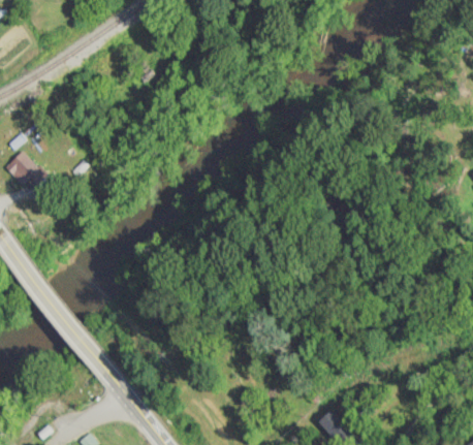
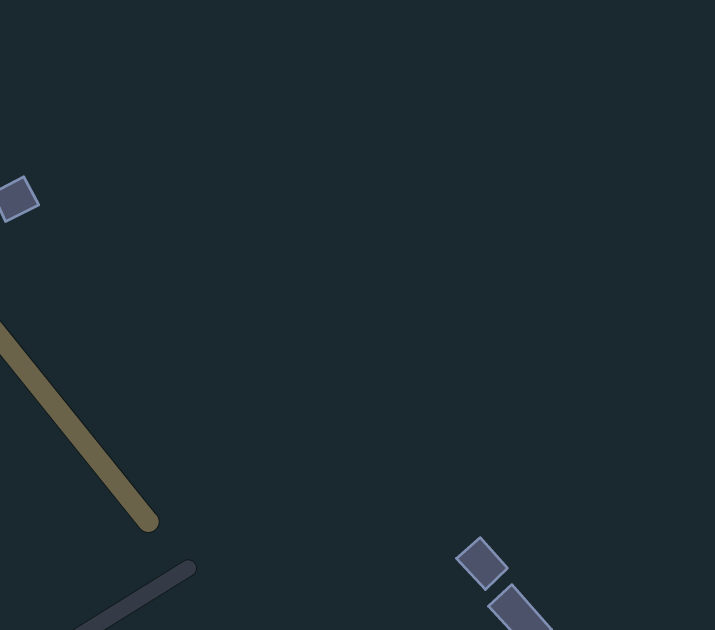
building: none -> [456,538,507,590]

